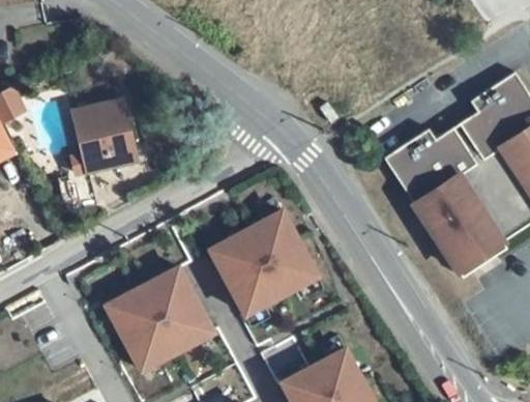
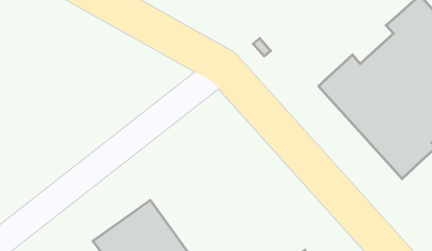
building: [58,99,135,211] -> none
building: [210,211,317,313] -> none

